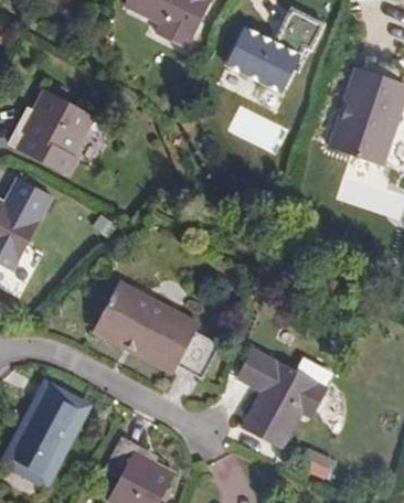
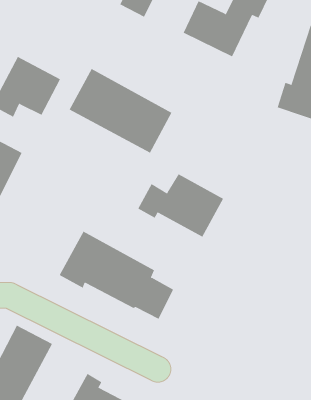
building: none -> [69,68,172,154]
building: none -> [138,173,224,237]
building: [235,351,323,448] -> none

